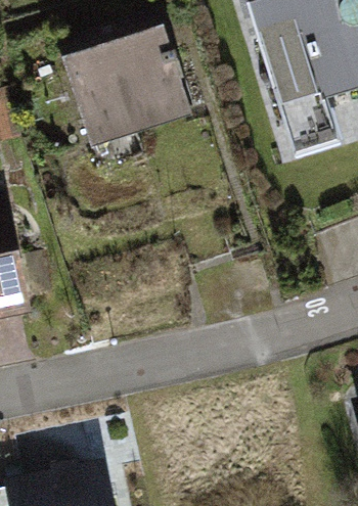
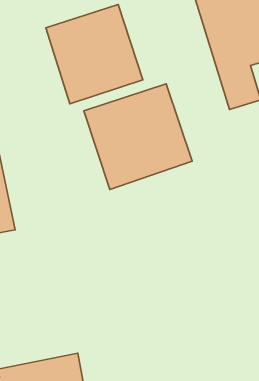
building: none -> [84,84,192,189]

